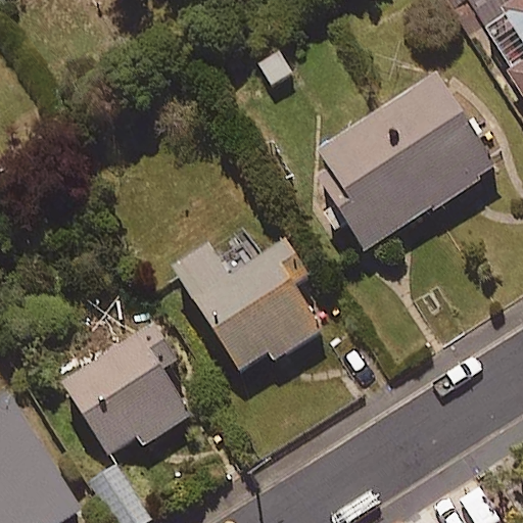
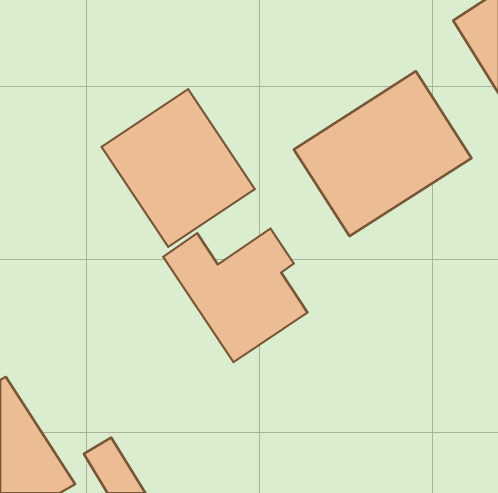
building: none -> [102,89,255,247]
building: [61,323,191,455] -> none

